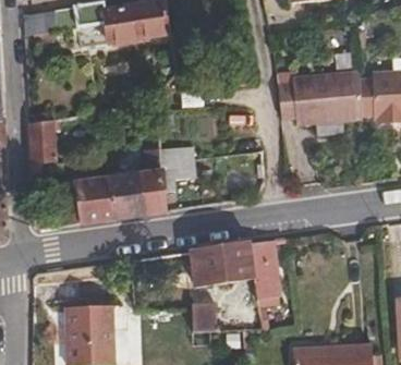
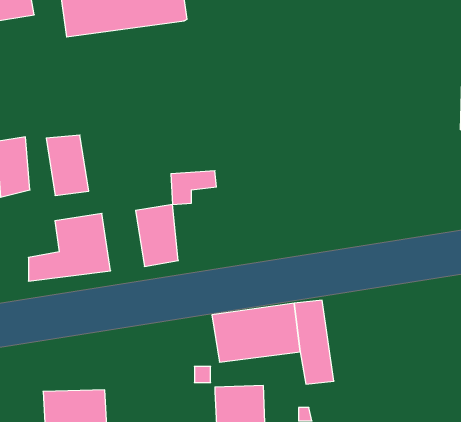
building: [296,69,363,119] -> none
building: [108,173,139,218] -> [46,135,89,195]

